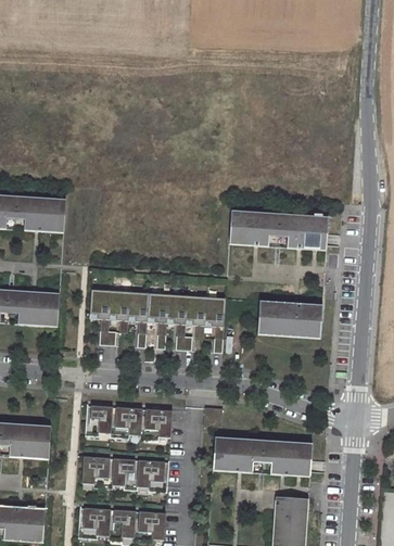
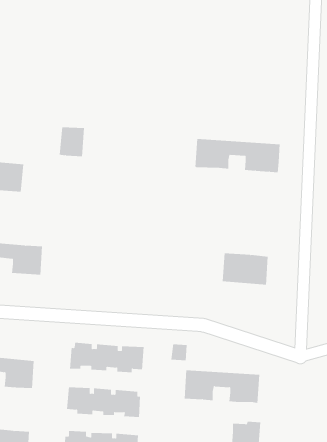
building: [29,196,60,231] -> [59,127,85,157]
building: [228,209,328,250] -> [195,139,280,173]
building: [90,289,226,352] -> none

